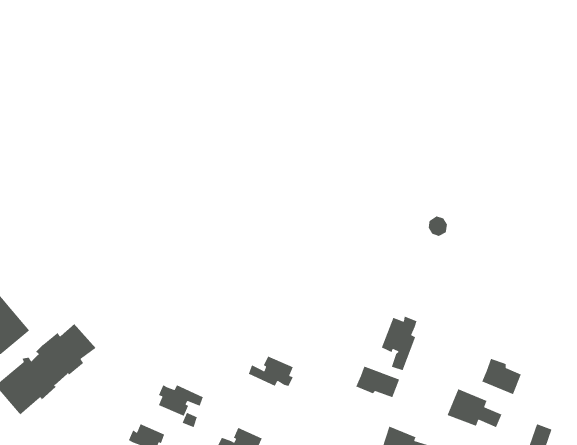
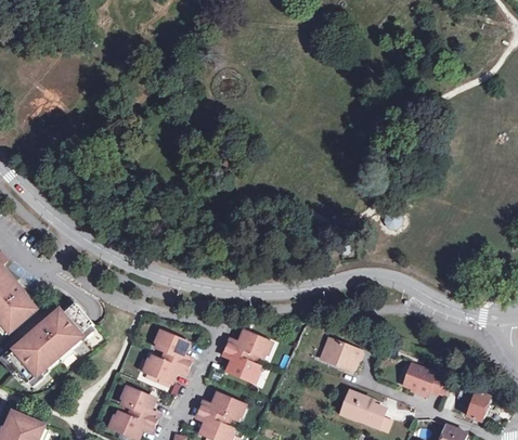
building: [381,315,418,371] -> none
building: [481,358,522,395] -> none
building: none -> [155,333,192,366]
building: none -> [222,347,258,381]

